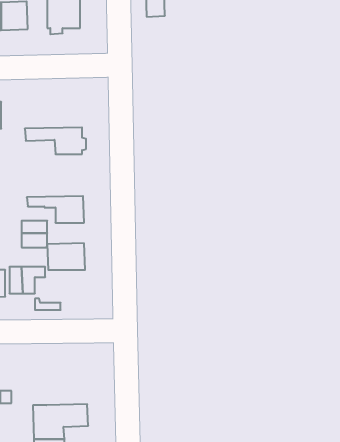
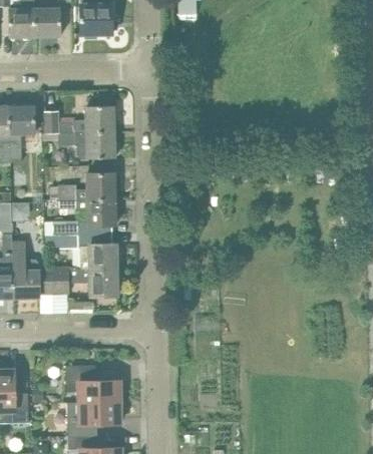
building: none -> [45,105,114,132]
building: none -> [60,172,115,199]
building: none -> [90,271,118,297]
building: none -> [64,365,119,403]

